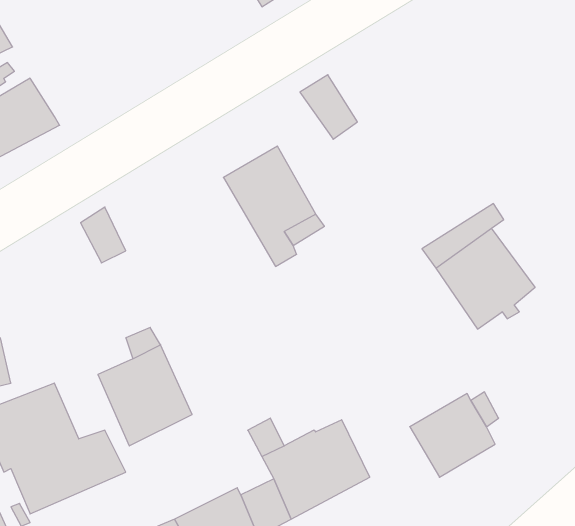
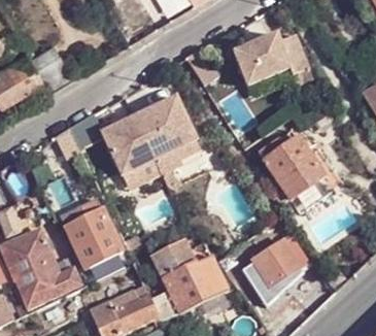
building: none -> [233,37,308,88]
building: none -> [100,111,170,174]

